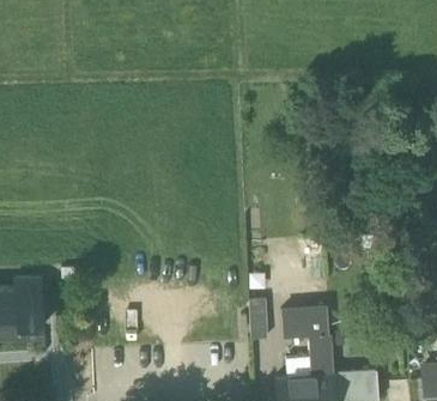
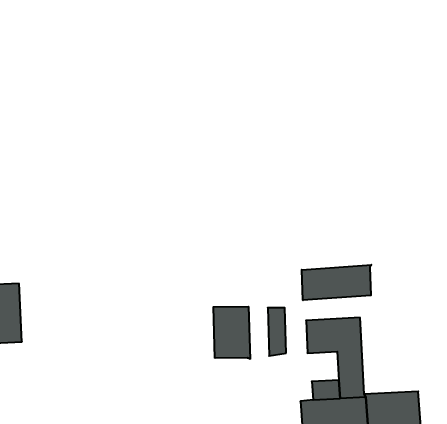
building: none -> [302,265,371,300]
building: none -> [213,307,250,359]

